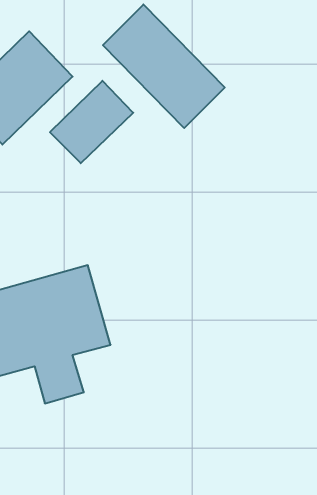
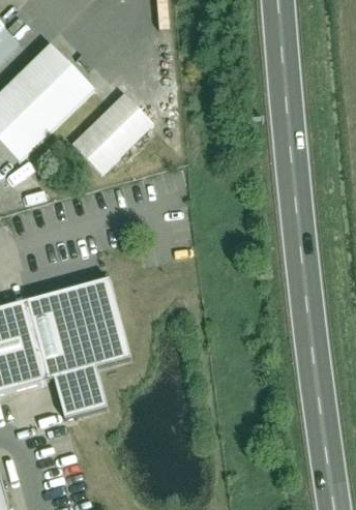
building: [103,4,225,128] -> none

